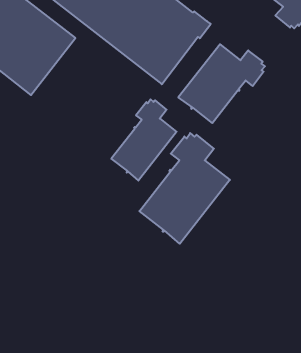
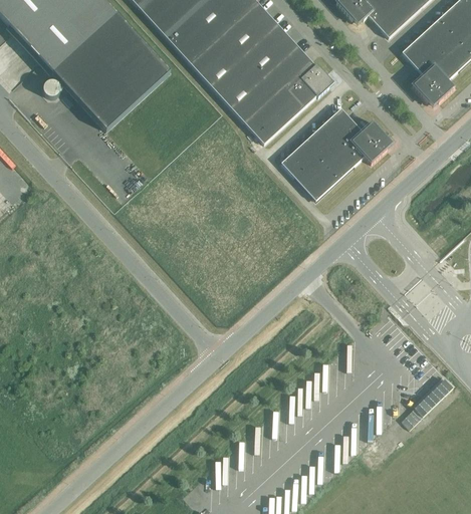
building: [111,99,177,181] -> none
building: [139,133,230,244] -> none

